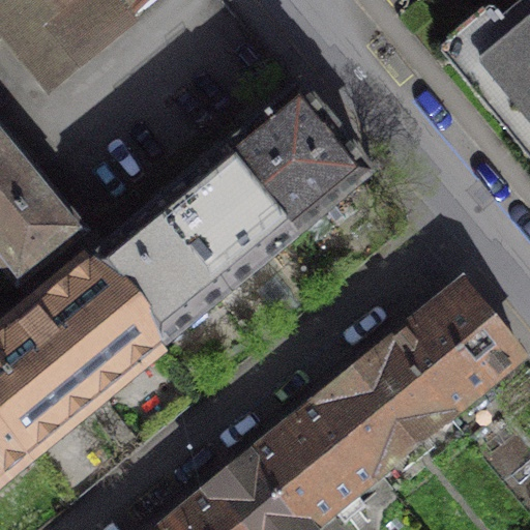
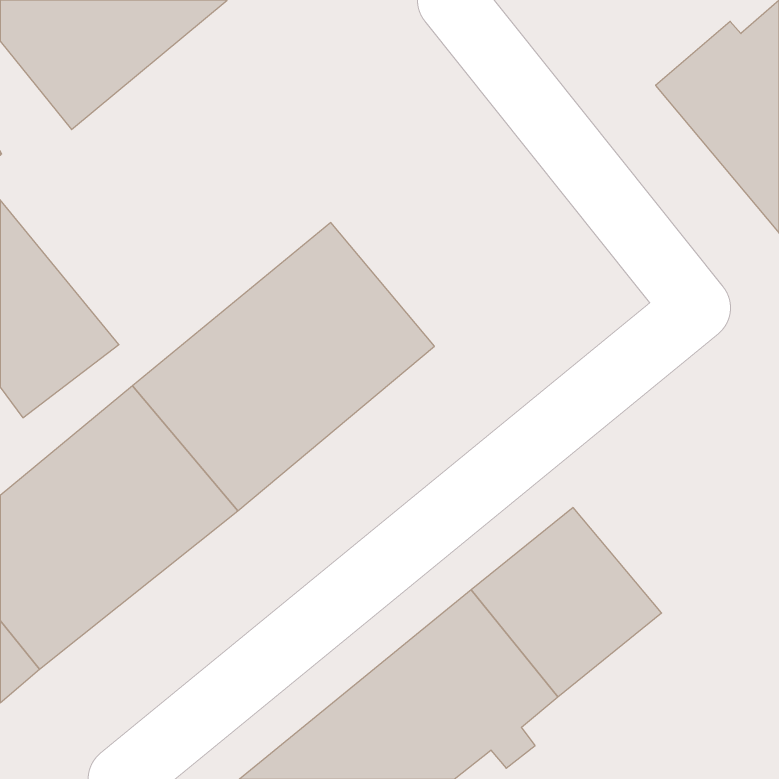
building: [225,89,369,235] -> none
building: [389,285,521,416] -> none

